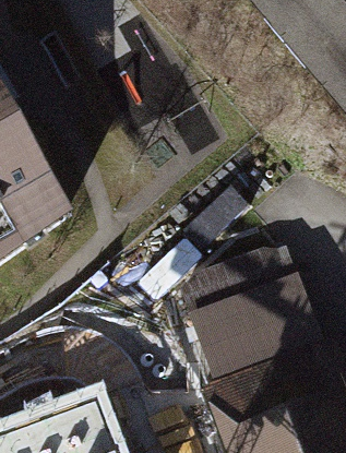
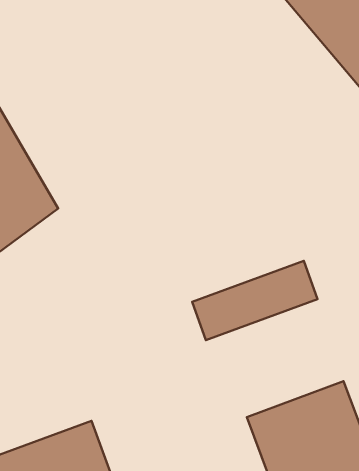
building: [196,287,321,395] -> none

